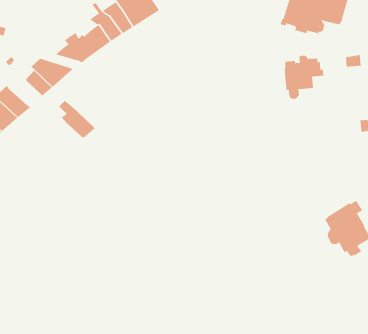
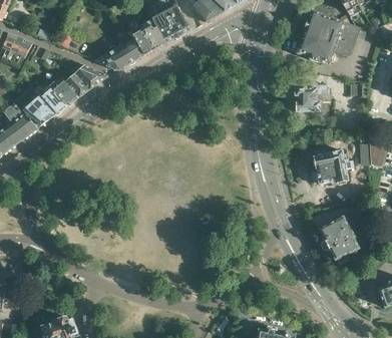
building: [59,100,96,138] -> [48,69,79,104]
building: none -> [312,148,352,184]

